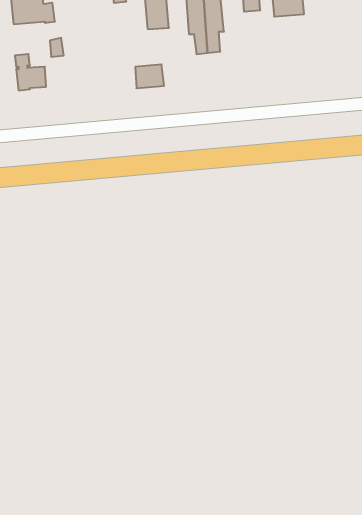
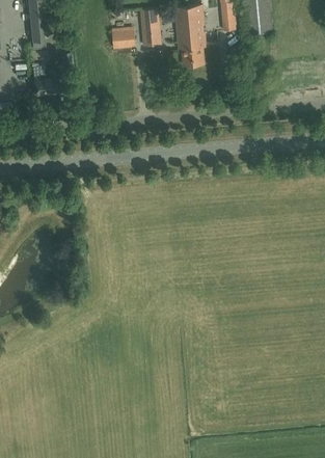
building: [135,64,164,88] -> [112,30,136,50]

